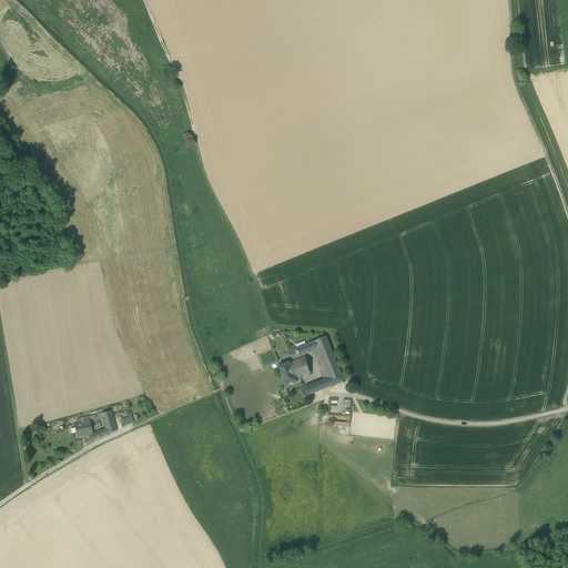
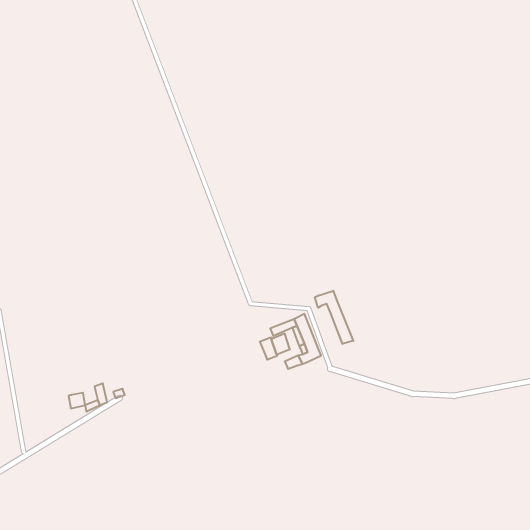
building: none -> [315,291,353,344]

